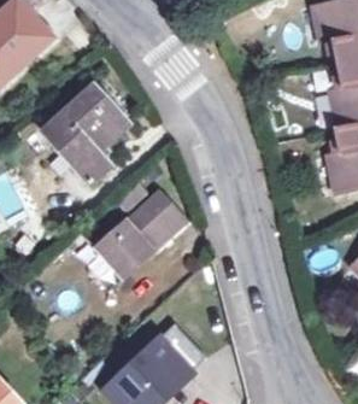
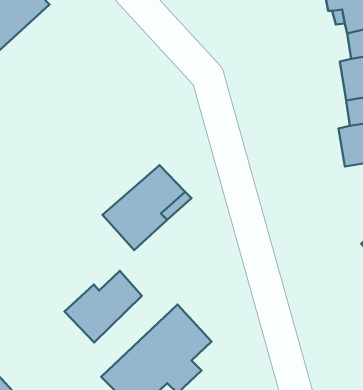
building: [43,84,129,183] -> none
building: none -> [65,271,142,342]

